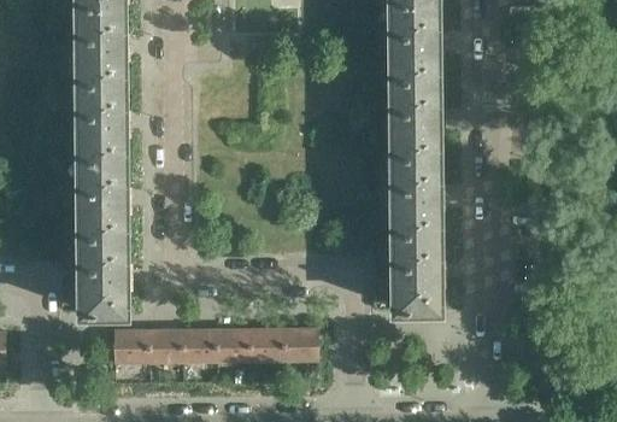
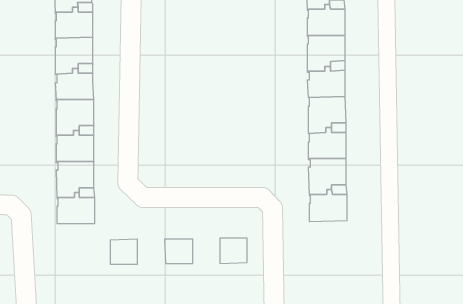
building: [247,332,281,363] -> none
building: [178,333,213,364] -> none
building: [111,334,145,364] -> none

